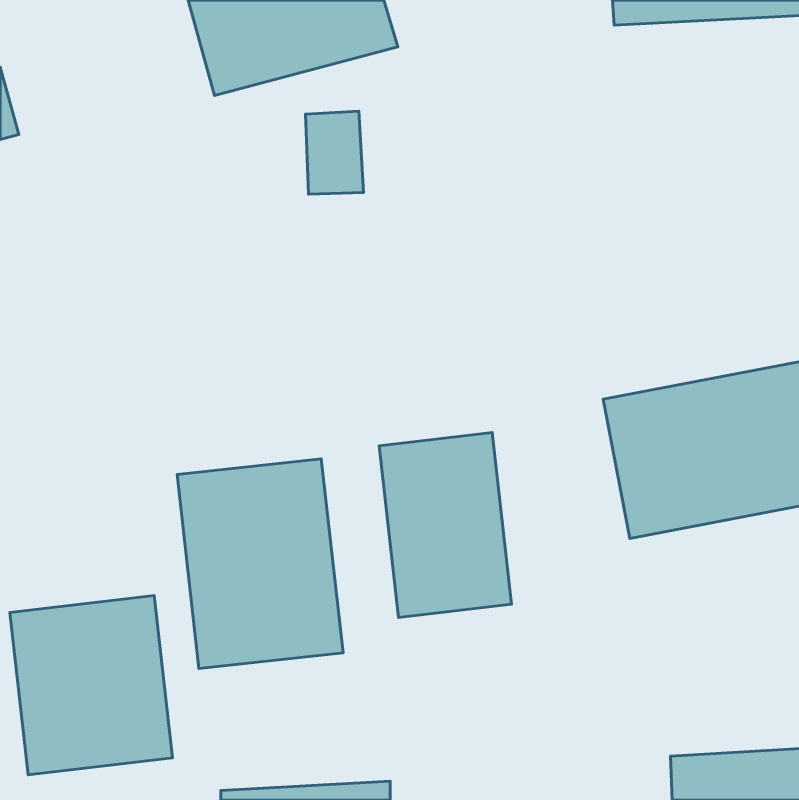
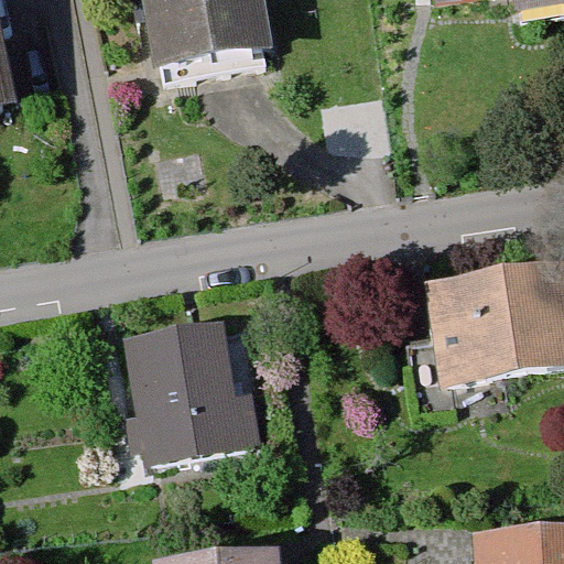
building: [379,432,512,617] -> none
building: [10,596,173,775] -> none

